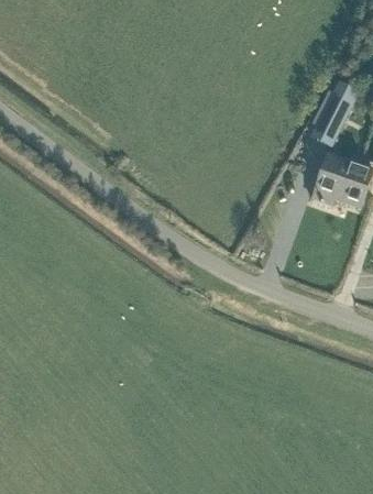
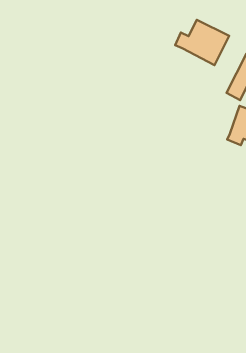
building: none -> [175,20,229,65]

